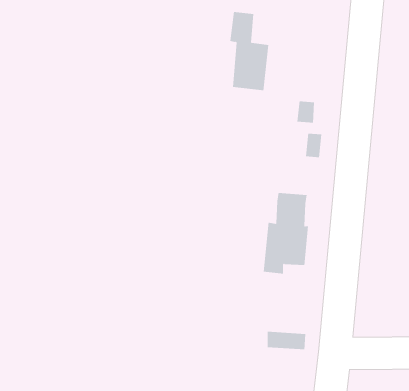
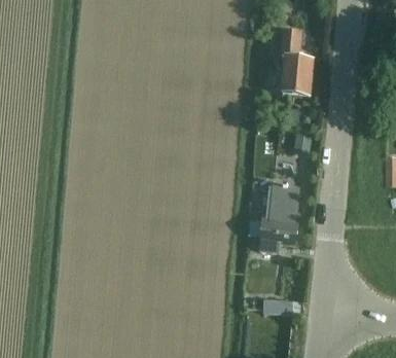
building: [230,11,269,91] -> [280,29,313,95]

